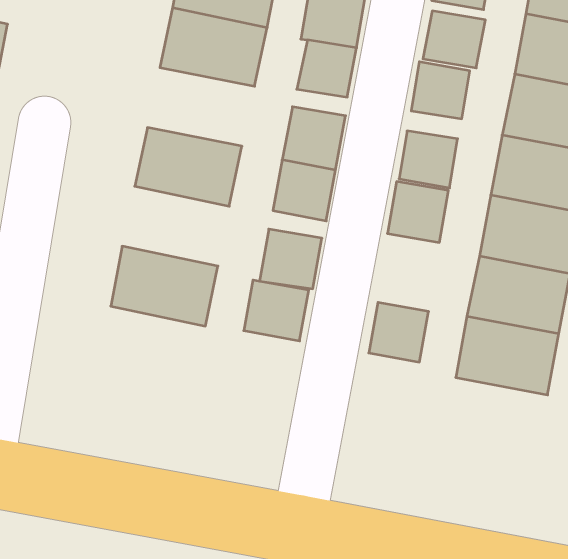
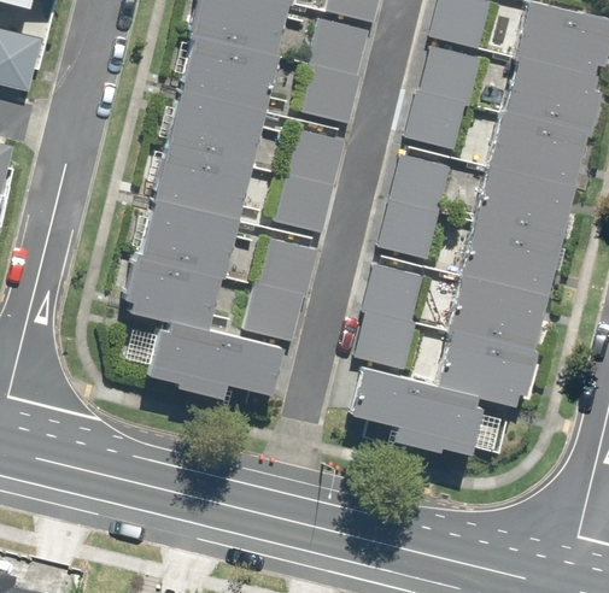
building: none -> [165,87,265,163]
building: none -> [136,194,236,271]
building: none -> [365,265,423,322]
building: none -> [150,321,283,397]
building: none -> [352,369,482,454]

